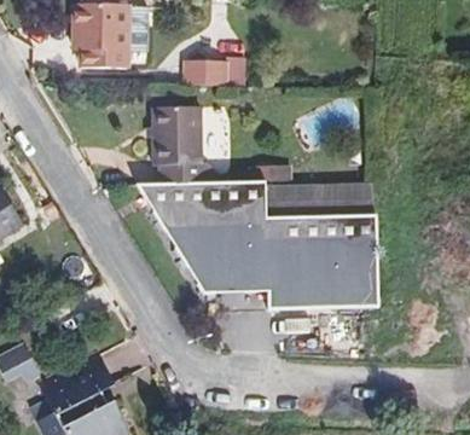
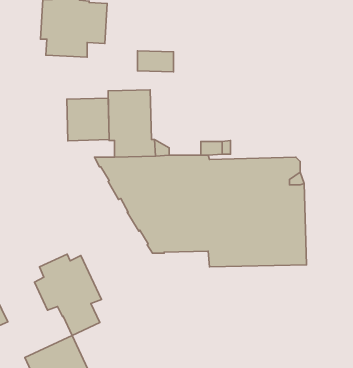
building: none -> [67,98,109,141]
building: none -> [35,254,101,335]

